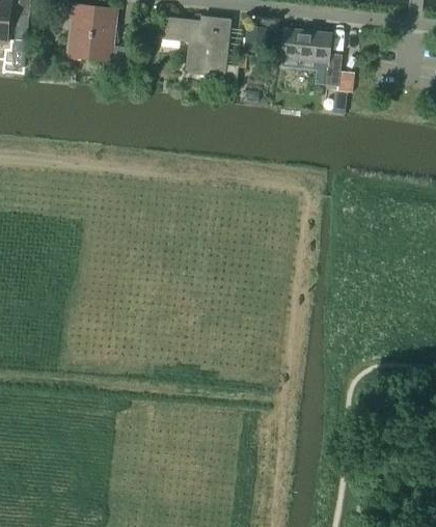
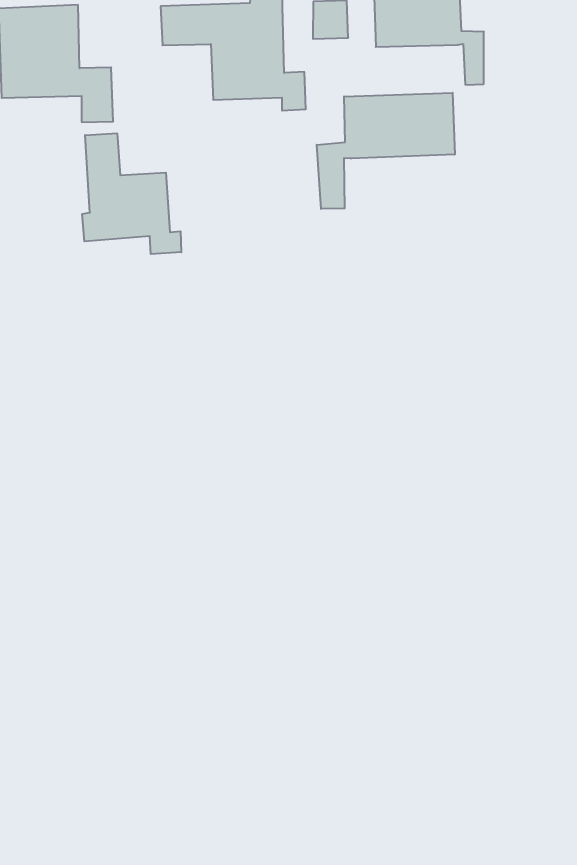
building: none -> [317,93,455,209]
building: none -> [82,133,181,254]

